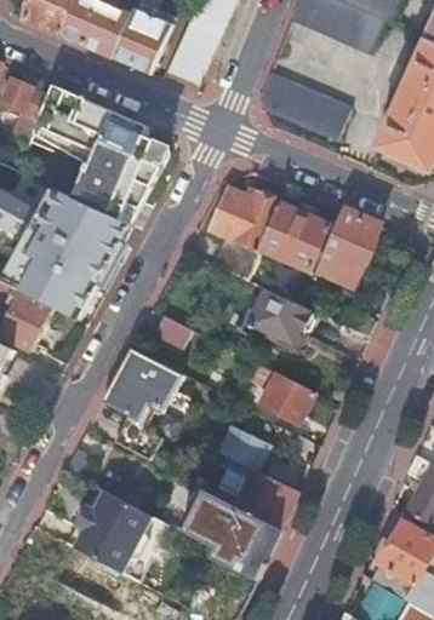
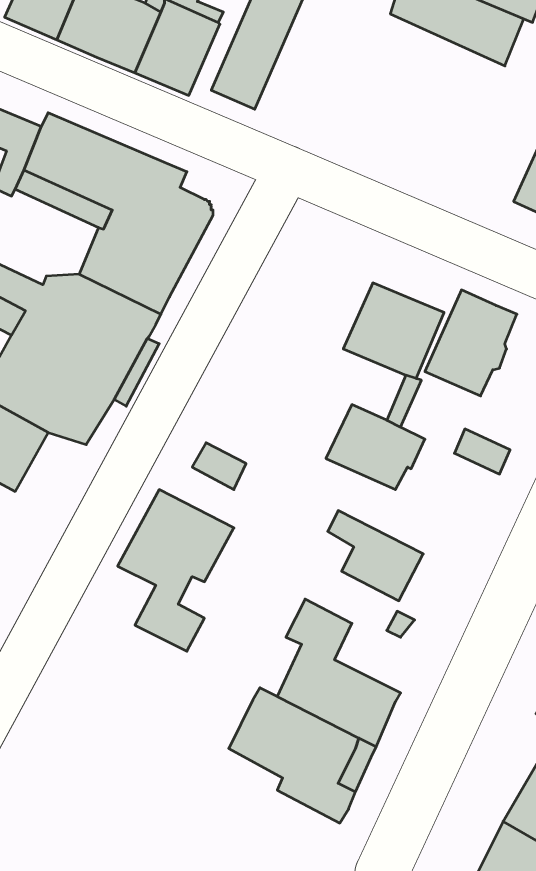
building: [257,71,349,138] -> none
building: [209,185,278,277] -> none
building: [70,488,150,573] -> none

